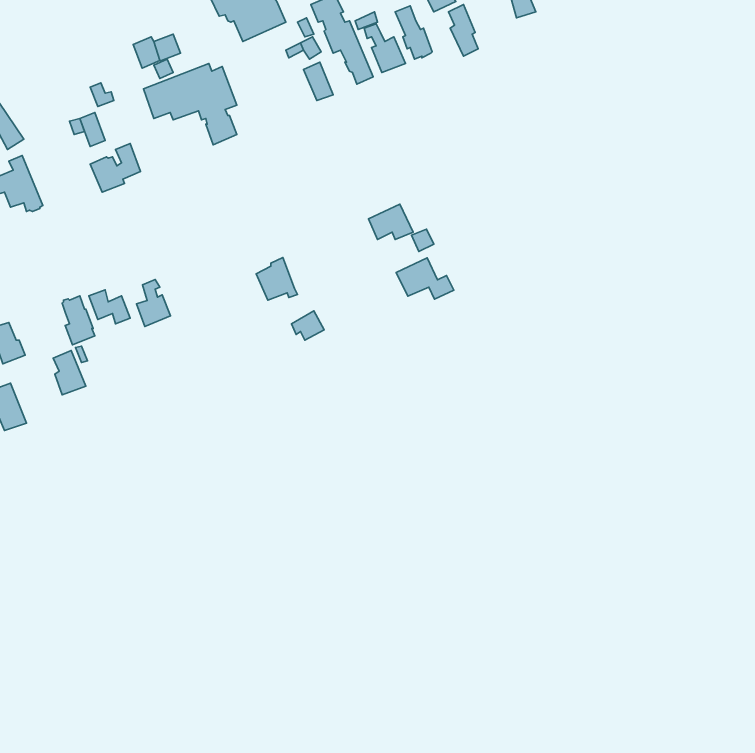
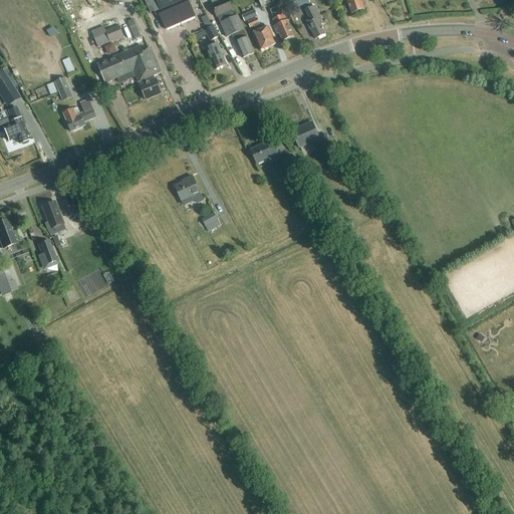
building: [396,258,454,299] -> [290,120,329,149]
building: [137,279,171,326] -> none

